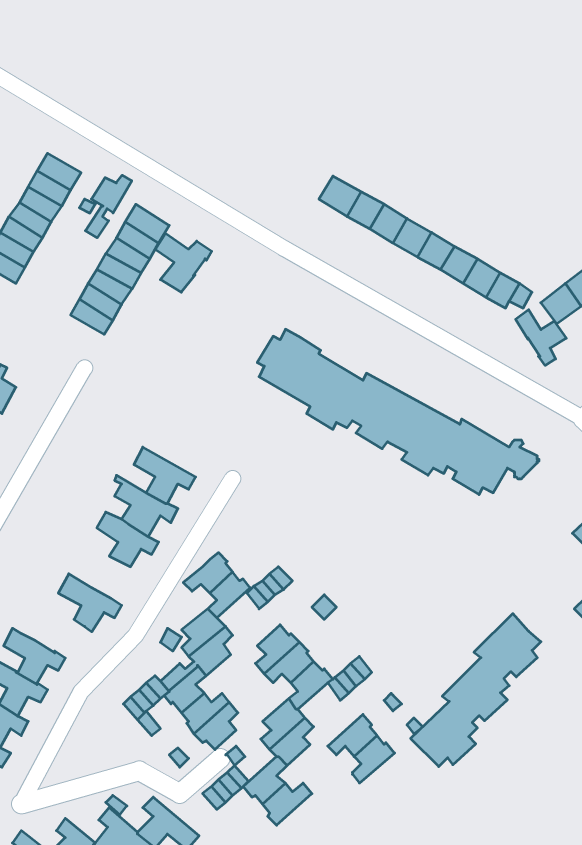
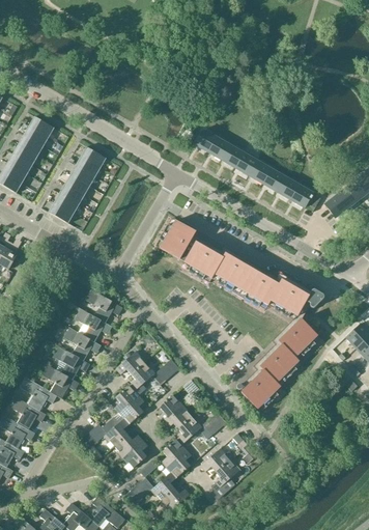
building: [85,175,132,238] -> none
building: [155,233,212,292] -> none
building: [516,310,566,365] -> none
building: none -> [53,345,90,379]
building: none -> [20,376,57,411]
building: [411,614,541,767] -> [240,318,317,409]

